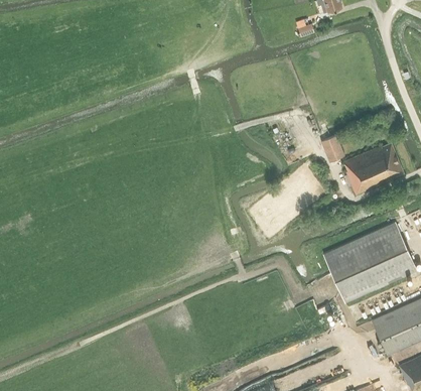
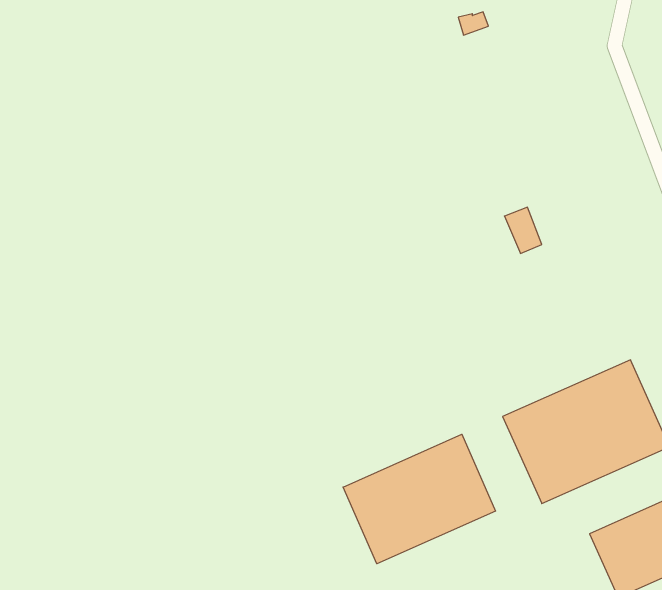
building: [342,141,403,194] -> none
building: none -> [343,434,496,564]

